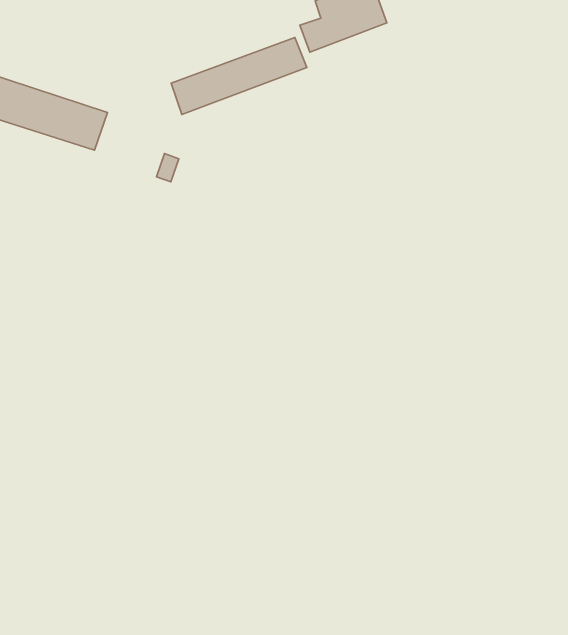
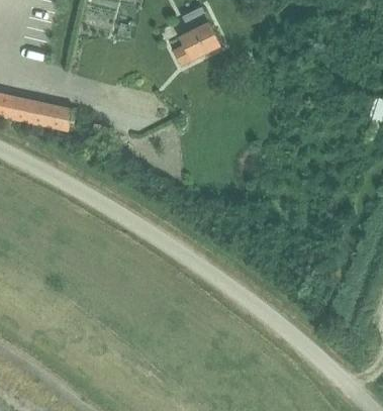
building: [171,38,307,115] -> none

